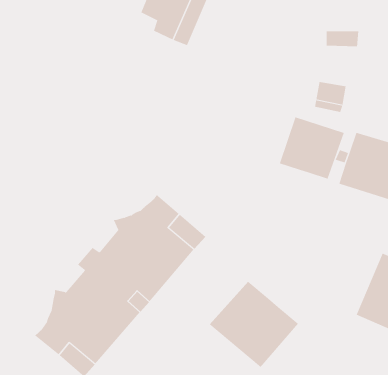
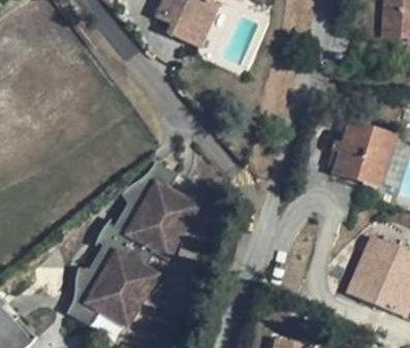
building: [279,117,345,179] -> none
building: [209,281,299,368] -> none

